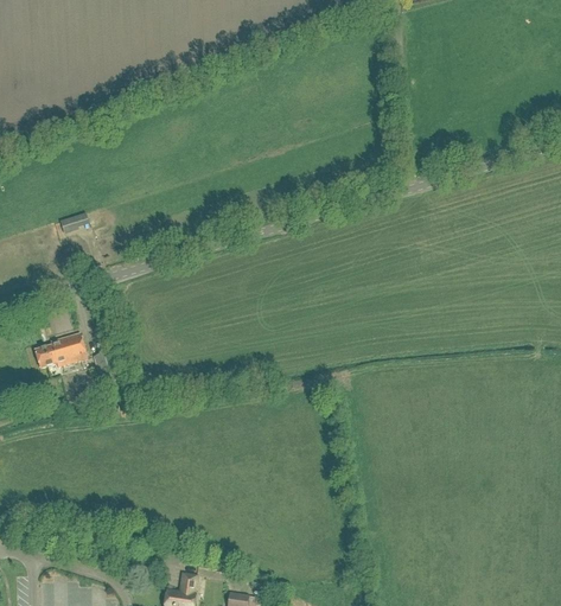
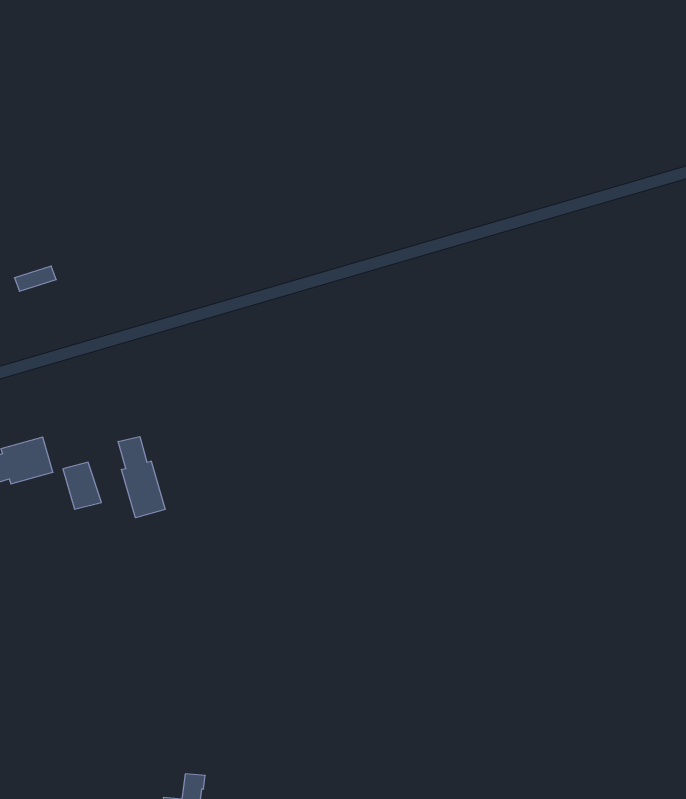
building: none -> [118,437,165,518]

